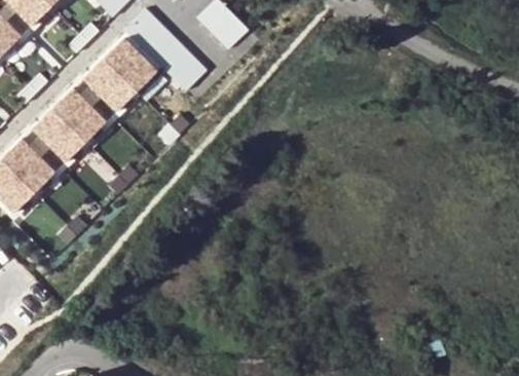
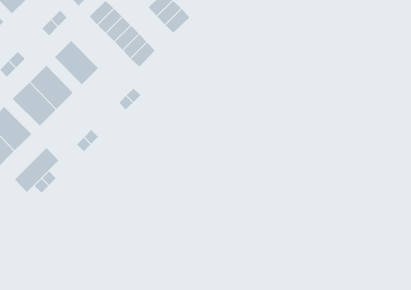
building: [104,37,158,91] -> none
building: none -> [14,147,59,193]

